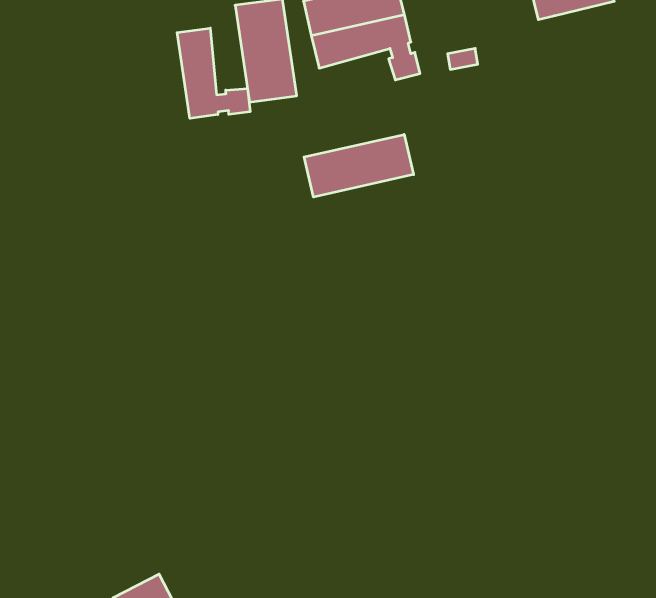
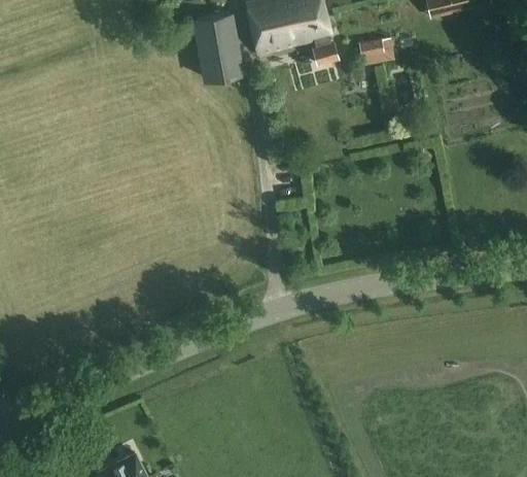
building: [177,28,250,118] -> none
building: [304,134,414,197] -> none

